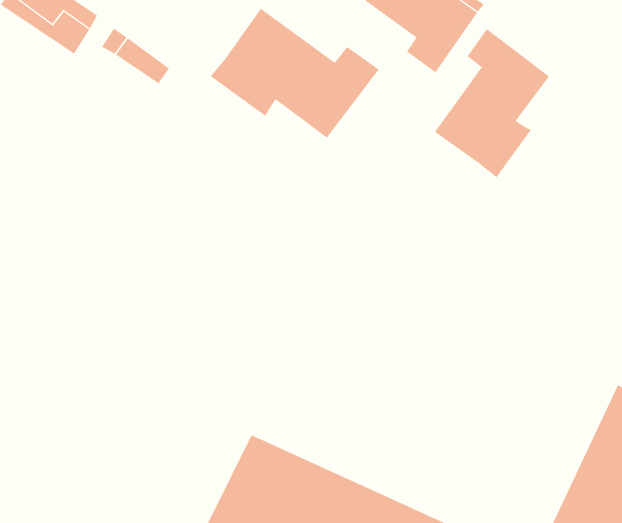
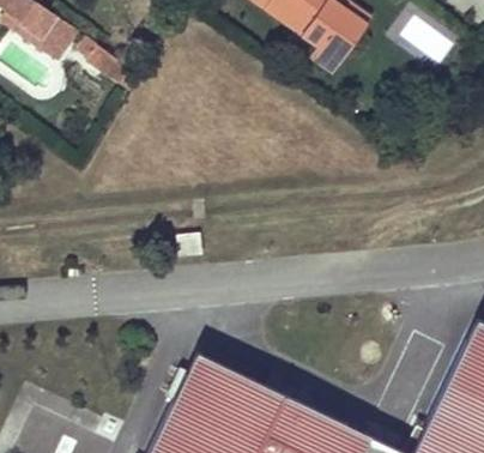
building: [210,8,379,138] -> none
building: [434,28,550,178] -> none

